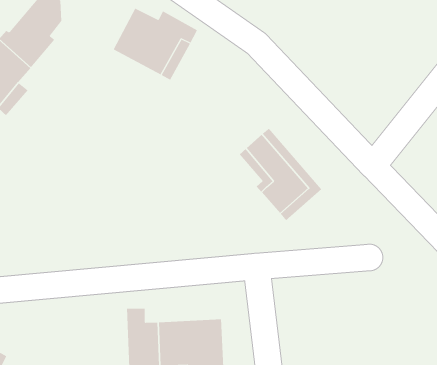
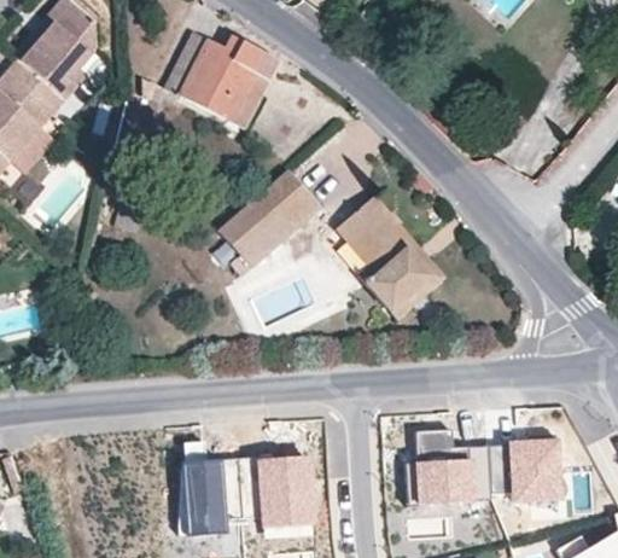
building: none -> [217,169,321,277]
building: none -> [410,431,497,507]
building: none -> [505,437,560,506]

